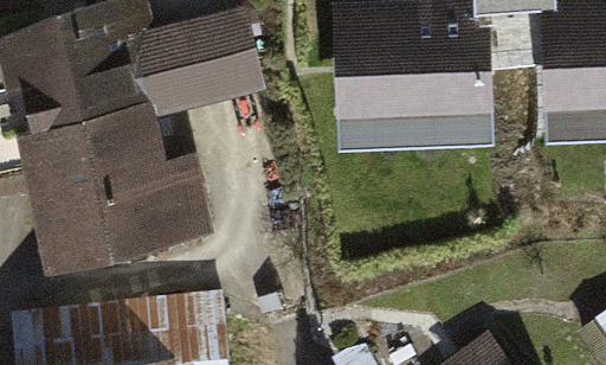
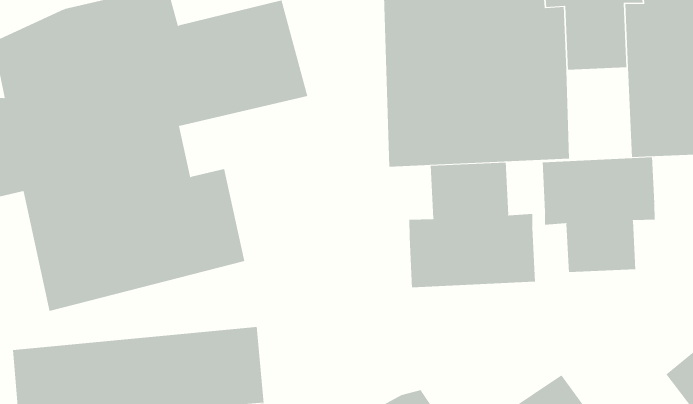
building: none -> [542,157,655,273]
building: none -> [409,162,536,288]

